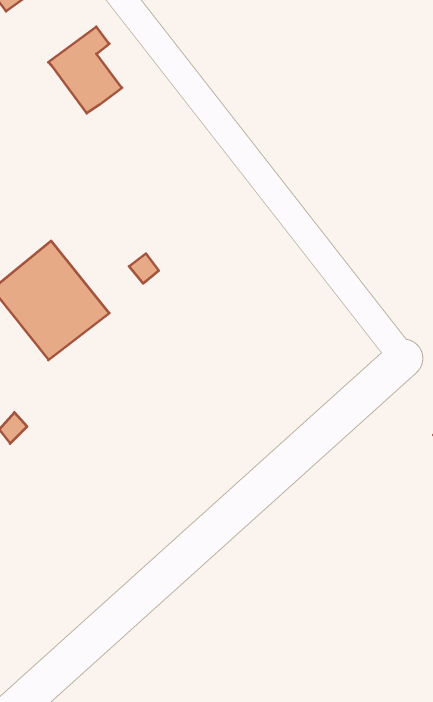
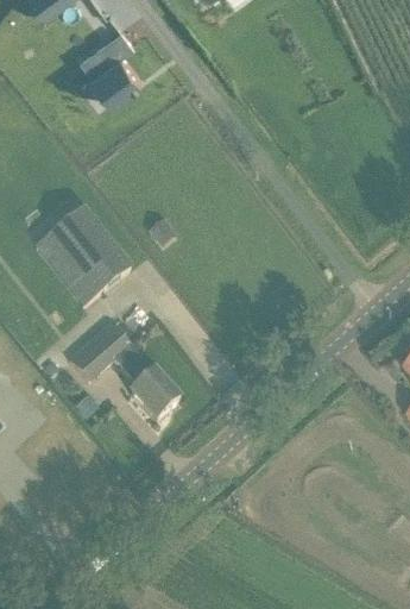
building: none -> [71,324,178,417]

